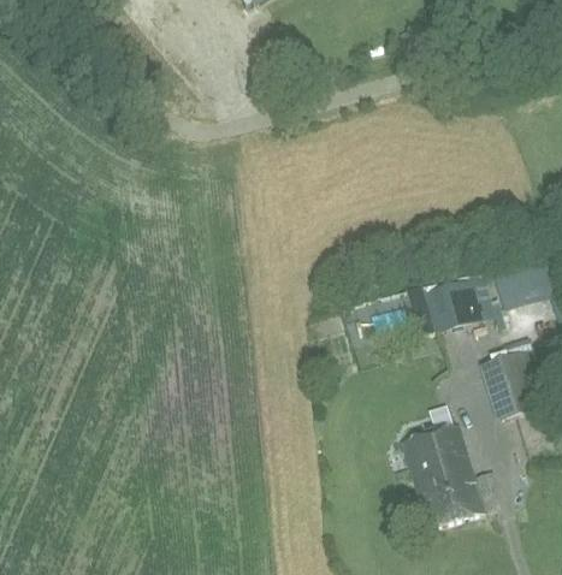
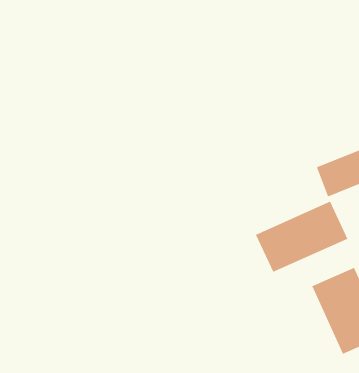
building: none -> [255,201,348,273]

